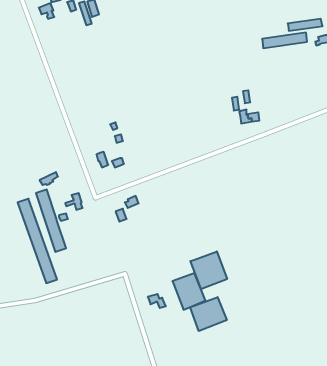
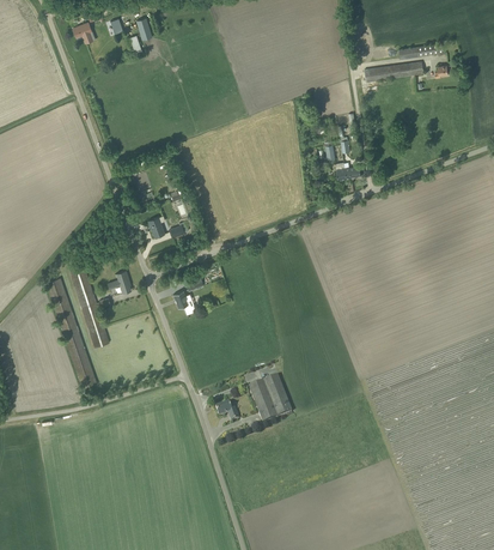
building: [190,251,227,289] -> none
building: [190,297,227,331] -> none

